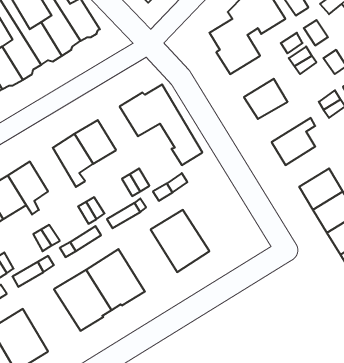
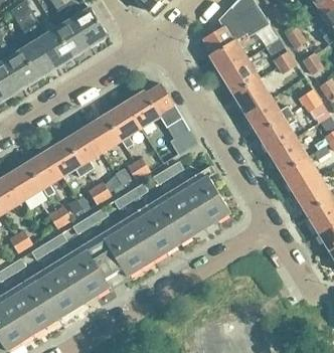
building: none -> [220,57,259,94]
building: none -> [244,98,291,133]
building: none -> [105,102,140,148]
building: none -> [269,137,307,172]
building: none -> [45,138,86,176]
building: none -> [179,165,229,228]
building: none -> [123,209,174,263]
building: none -> [39,261,90,316]

